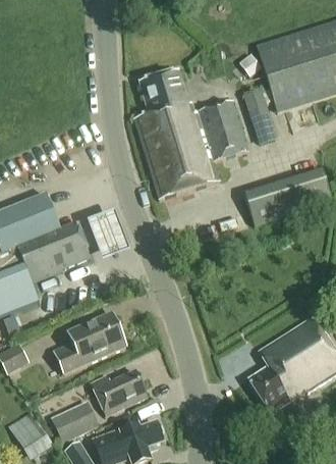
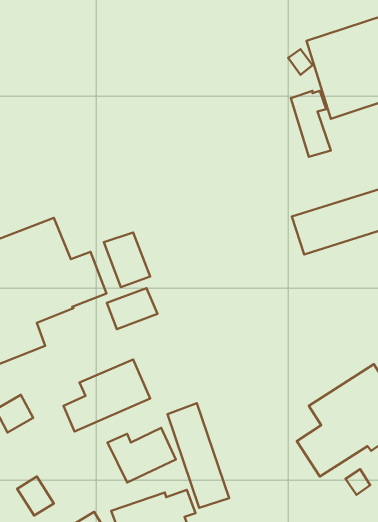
building: [133,69,248,198] -> none
building: none -> [107,288,157,329]
building: none -> [167,403,229,508]
building: [51,400,99,442] -> none

